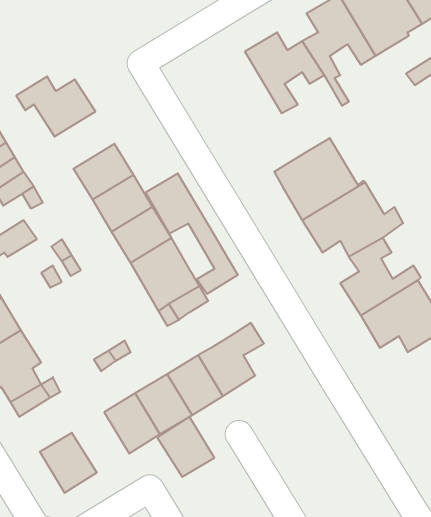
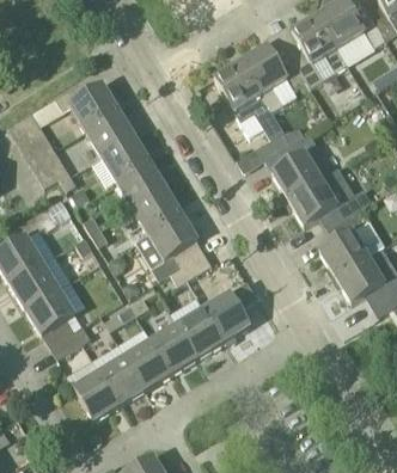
building: none -> [86,110,135,156]
building: [146,173,238,294] -> [215,61,291,159]
building: [157,417,214,477] -> [100,355,147,404]

